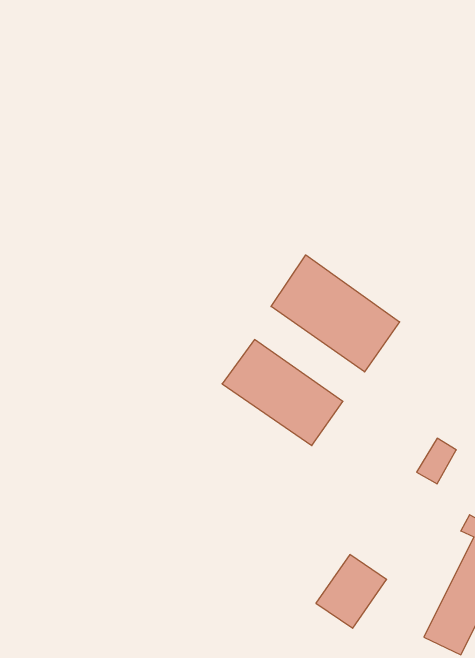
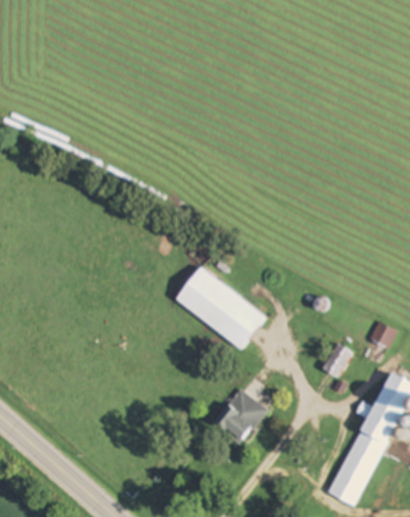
building: [271,255,400,372] -> none
building: [316,555,387,628] -> [213,388,266,443]

